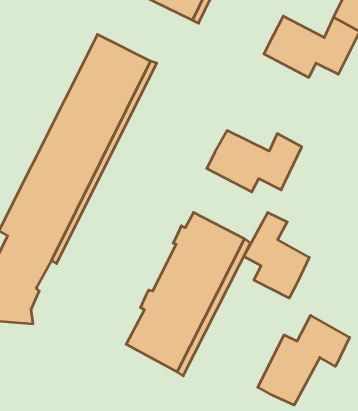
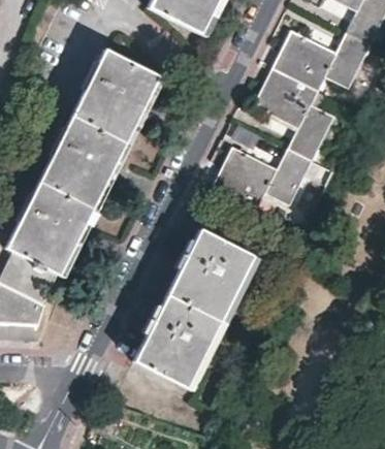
building: none -> [255,67,335,161]
building: [244,212,309,298] -> none
building: [258,315,350,405] -> none

